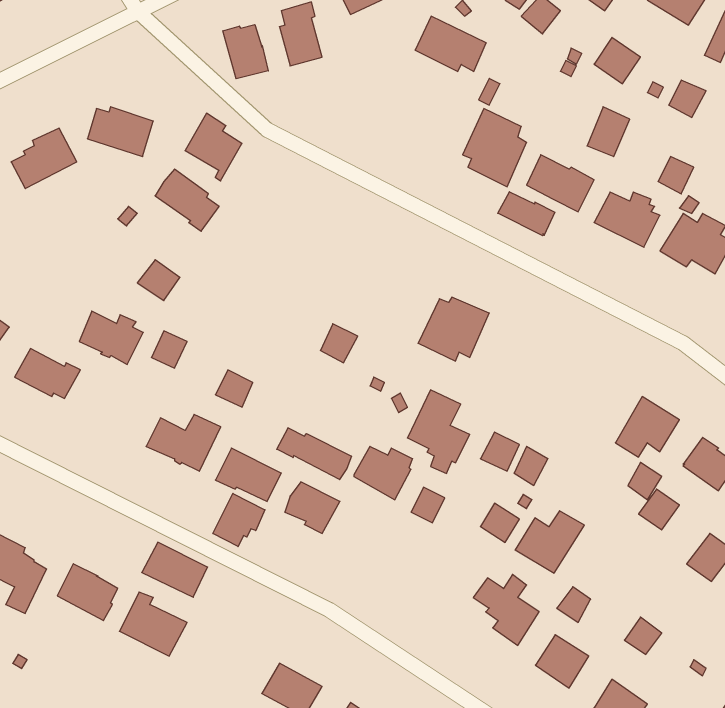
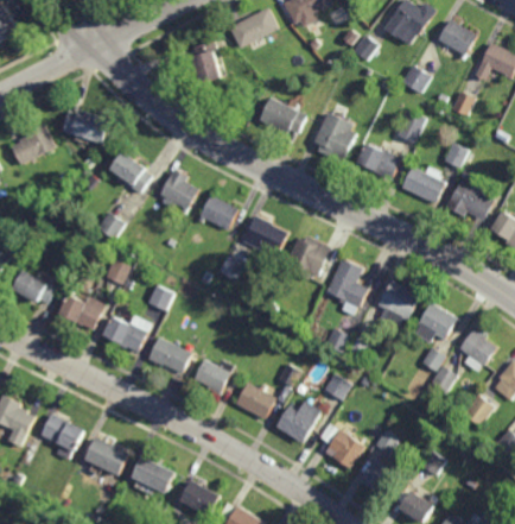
building: [415,16,486,71] -> [259,96,306,133]
building: [223,25,268,79] -> none
building: [185,113,242,181] -> [159,169,197,214]
building: [498,192,555,236] -> none
building: none -> [197,195,237,229]
building: none -> [242,215,287,255]
building: [79,311,143,364] -> [61,295,103,330]
building: none -> [377,282,419,327]
building: [407,390,470,473] -> [326,259,368,315]
building: [277,428,351,480] -> none
building: [354,446,413,500] -> [237,384,276,419]
building: [213,493,265,547] -> none
building: [515,511,584,573] -> [276,402,323,443]
building: [142,542,208,597] -> [131,457,174,494]

